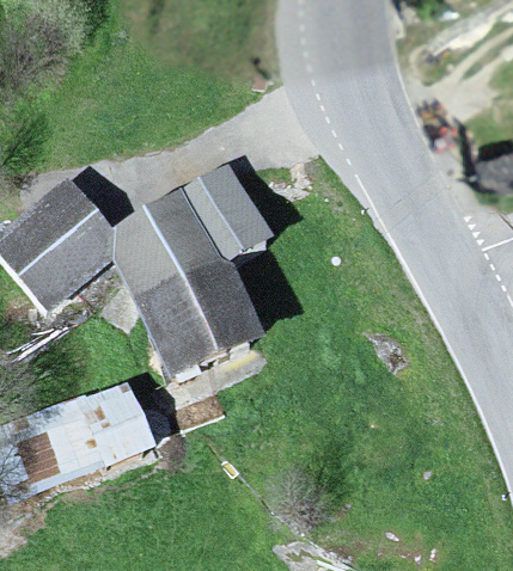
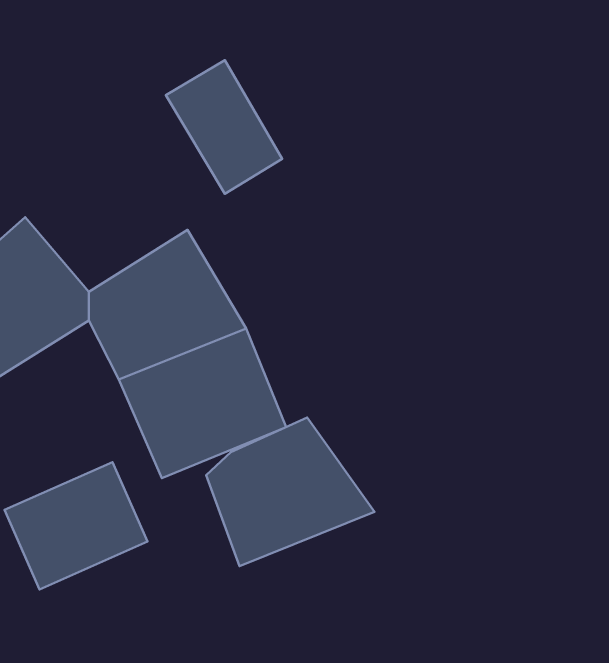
building: [188,167,275,268] -> [166,60,282,194]
building: none -> [206,418,374,566]

